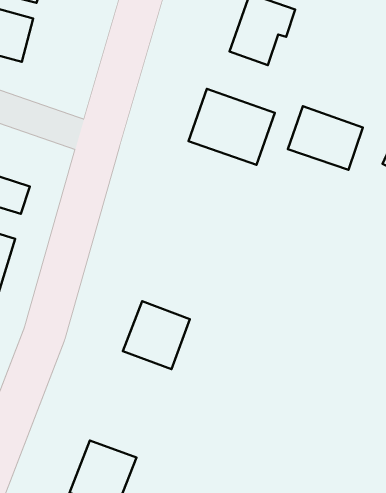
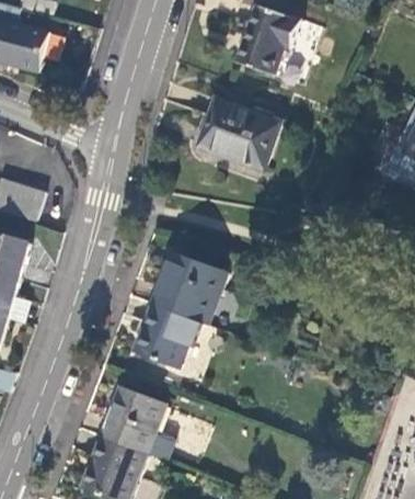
building: [288,106,363,170] -> none
building: none -> [152,252,227,324]
building: none -> [102,386,166,454]

